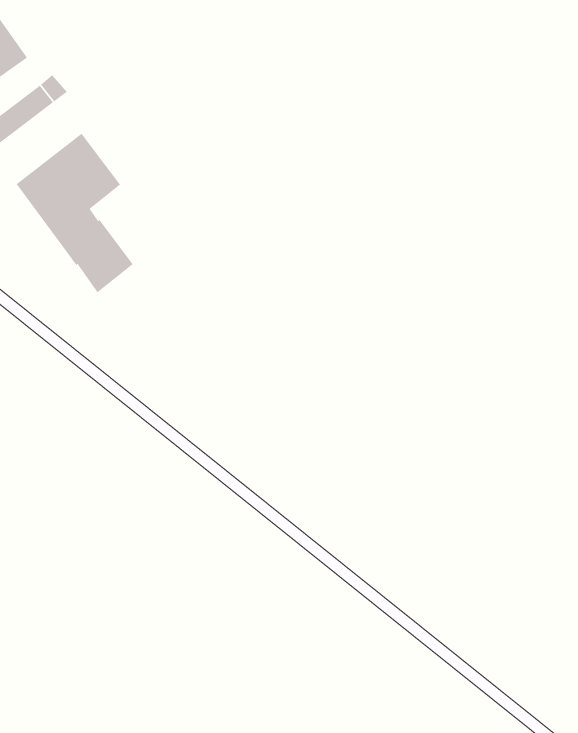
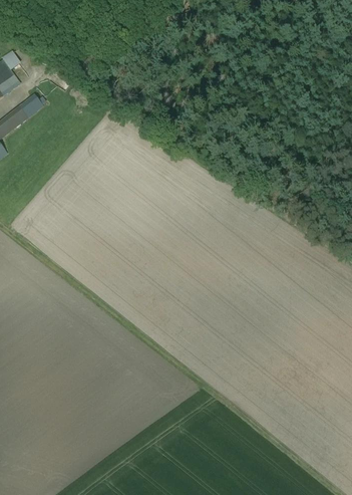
building: [16,133,133,293] -> none

